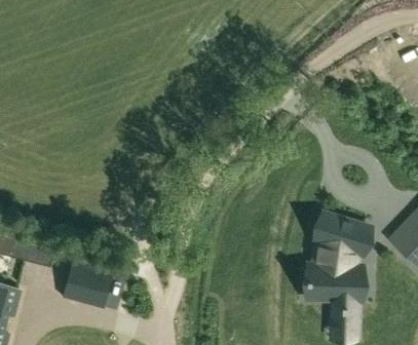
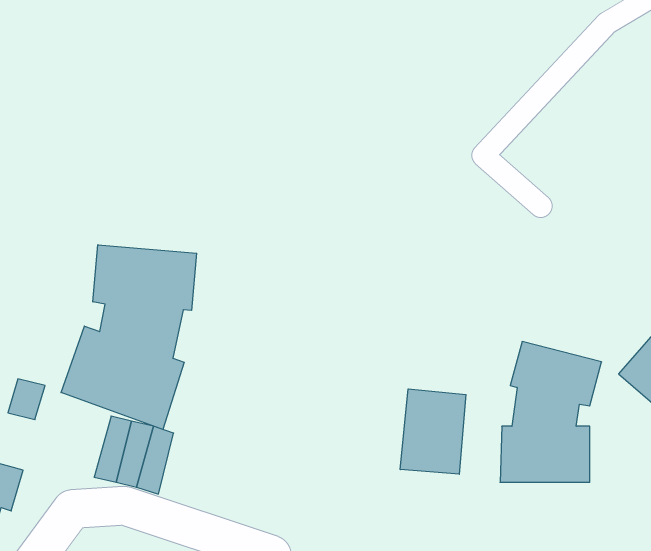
building: none -> [61,245,197,429]
building: none -> [400,389,466,474]

